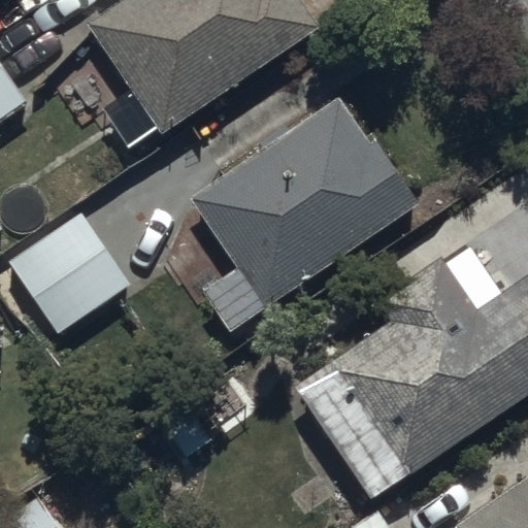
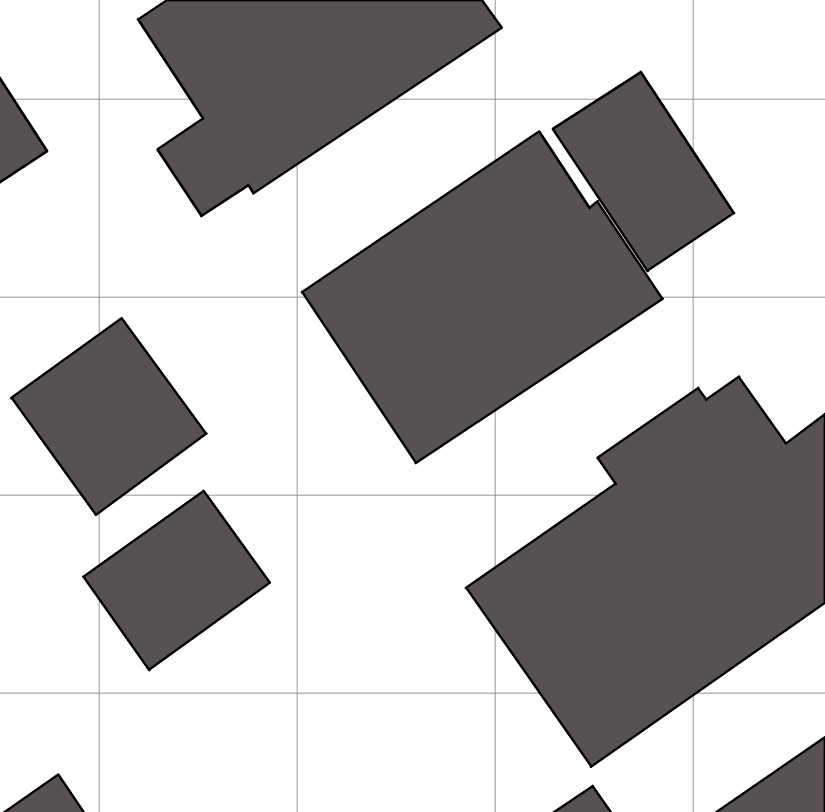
building: none -> [553,72,734,271]
building: none -> [83,491,270,670]

